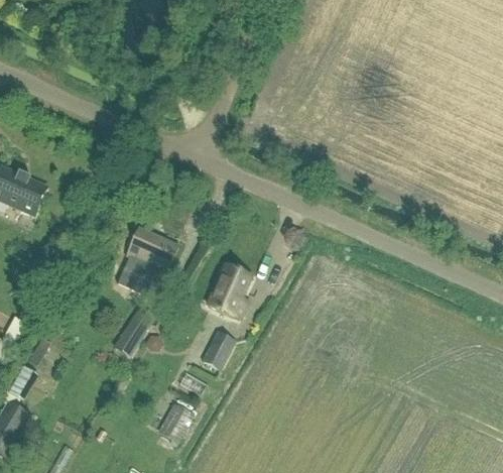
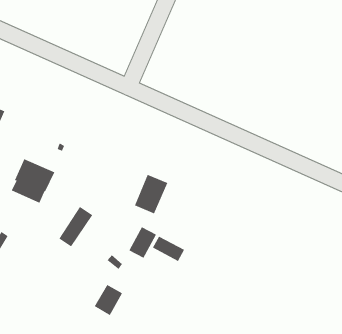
building: [123,227,178,283] -> [11,158,55,203]
building: none -> [152,236,185,262]

